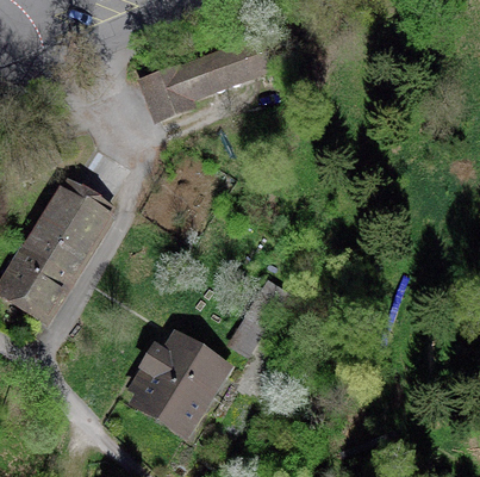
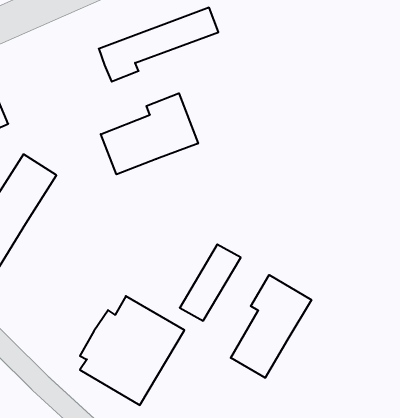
building: none -> [101,93,198,174]
building: none -> [231,275,311,378]

